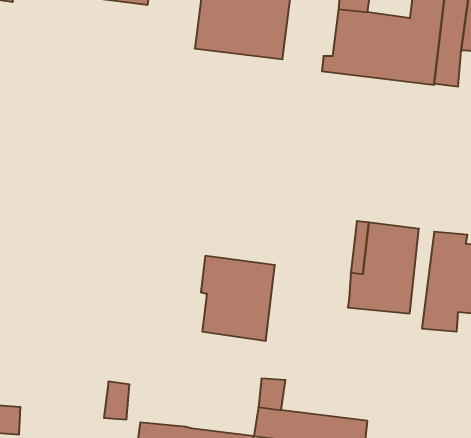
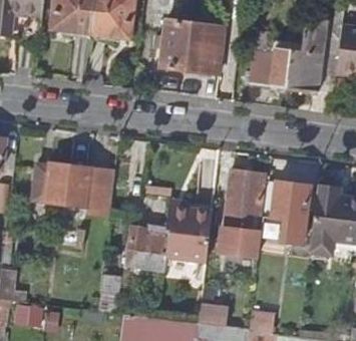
building: none -> [45,156,115,203]
building: none -> [222,171,265,255]
building: none -> [126,229,166,271]

